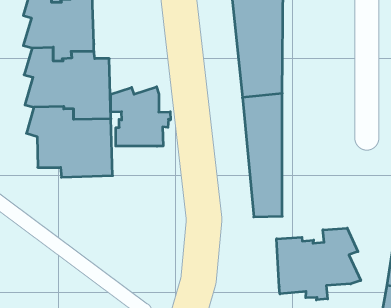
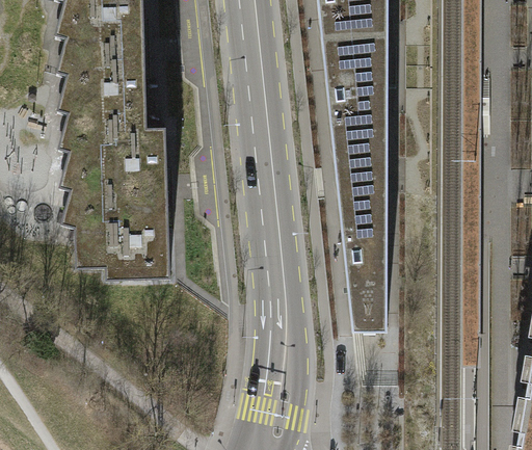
building: [111,87,170,146] -> none
building: [277,228,361,300] -> none

